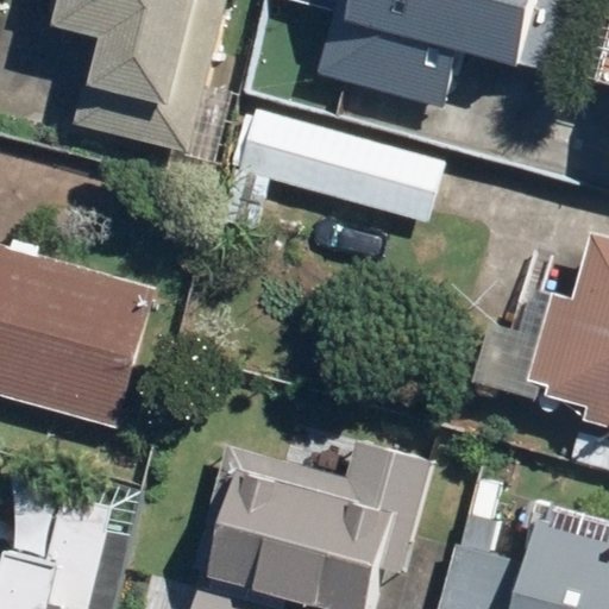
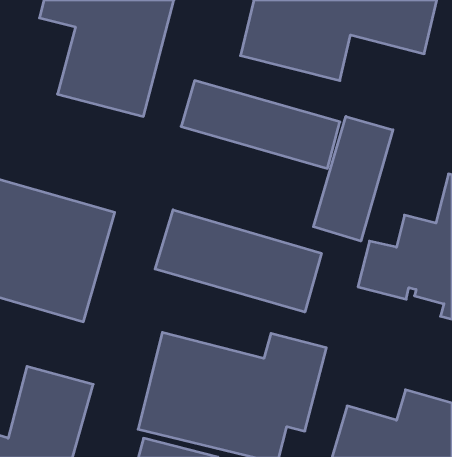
building: none -> [313,116,393,241]
building: none -> [155,210,321,312]

